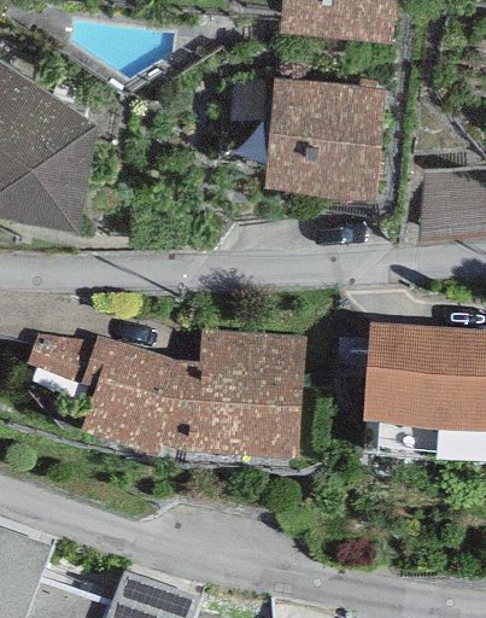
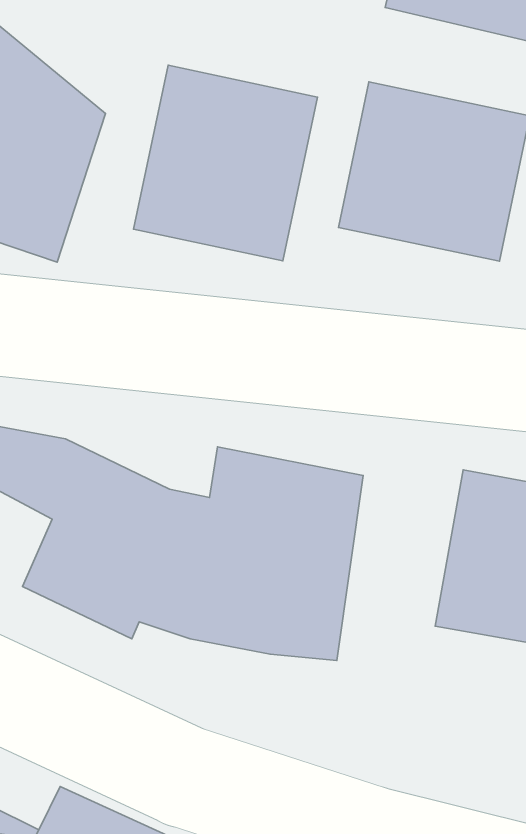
building: none -> [134,65,317,261]

